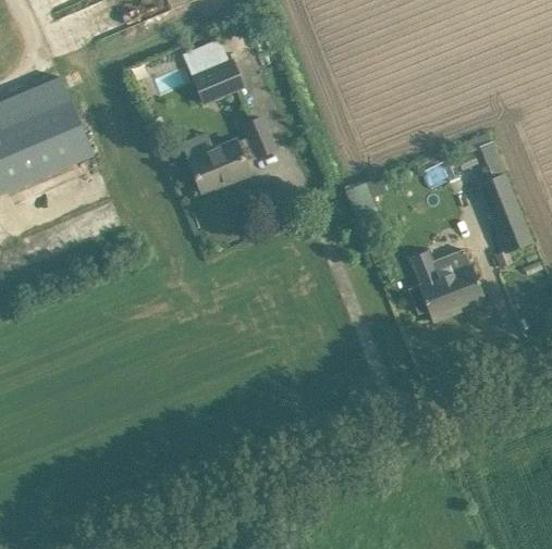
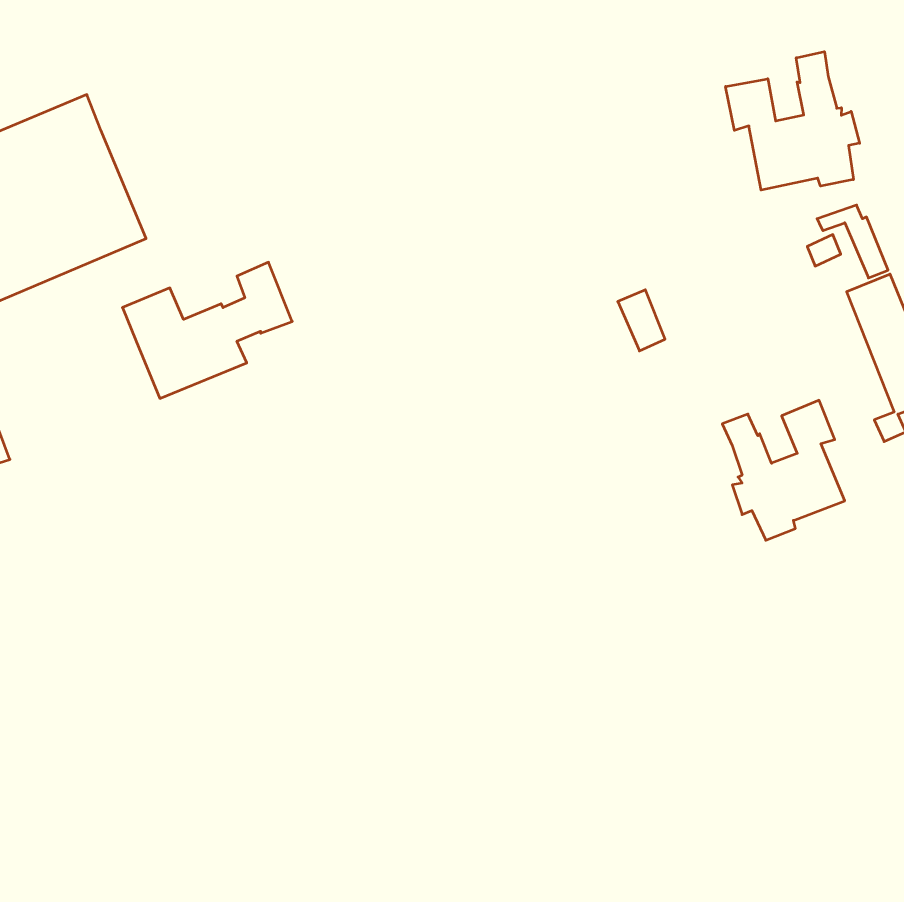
building: none -> [726,52,860,190]
building: [188,52,246,105] -> none
building: [182,117,275,192] -> [122,262,292,398]

